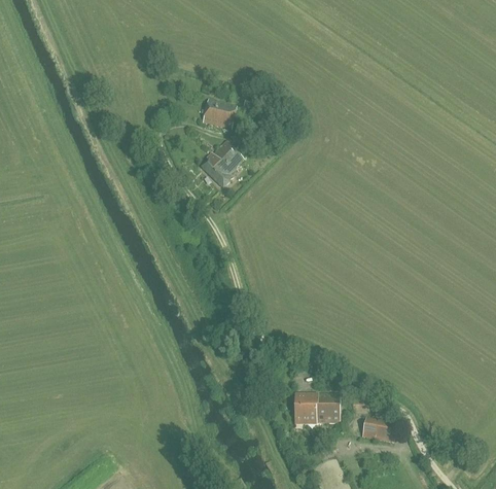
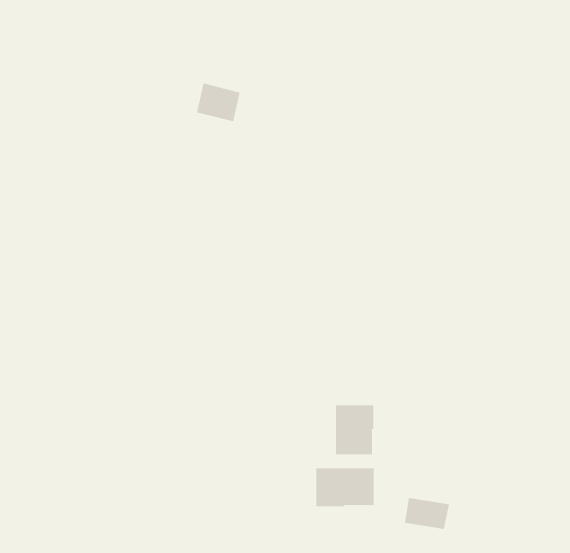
building: [201,140,244,187] -> none
building: none -> [336,404,374,455]

